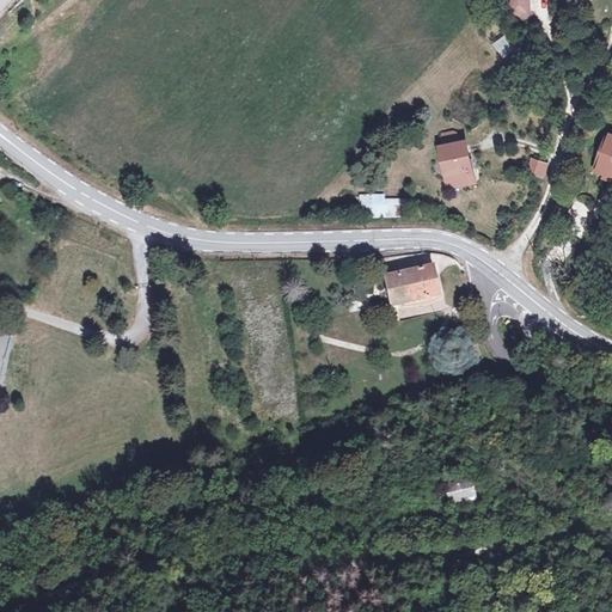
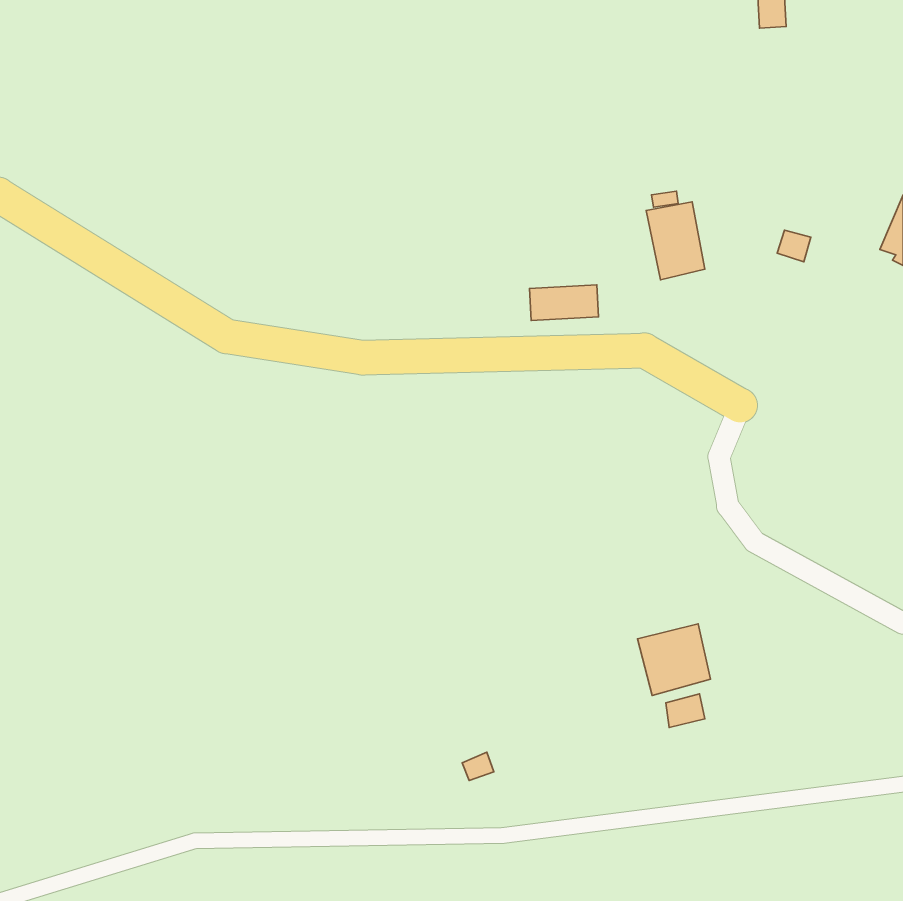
building: [384,265,436,304] -> none
building: none -> [638,624,711,696]

